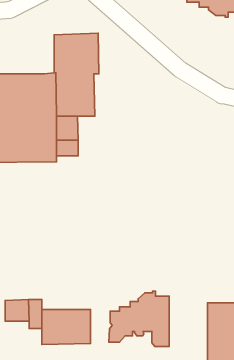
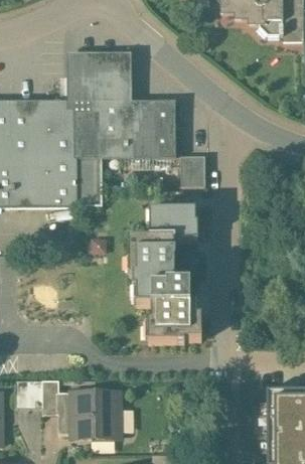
building: none -> [121,105,172,157]
building: none -> [180,155,204,185]
building: none -> [129,207,201,342]
building: [109,291,169,346] -> none

